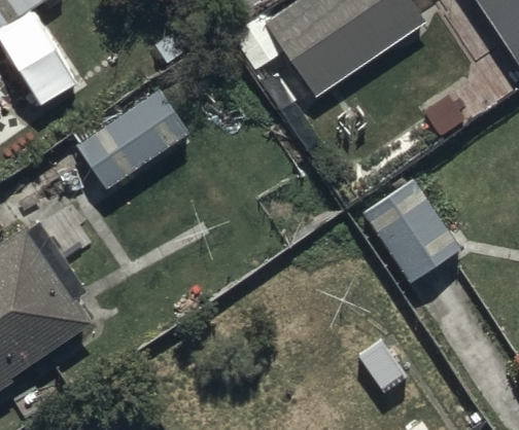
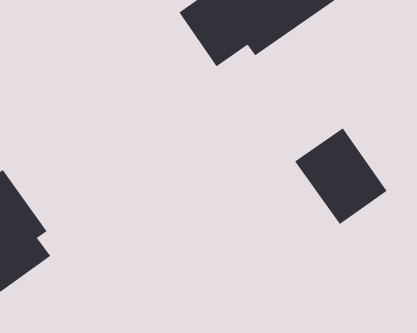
building: [70,88,191,189] -> none

